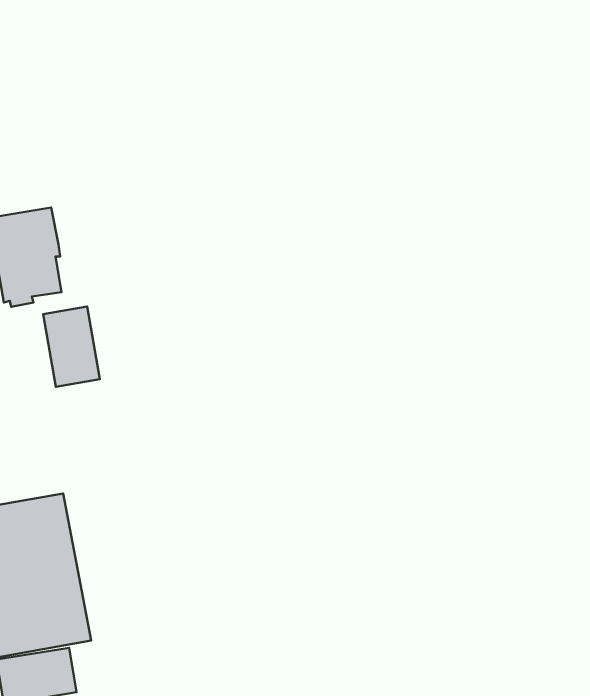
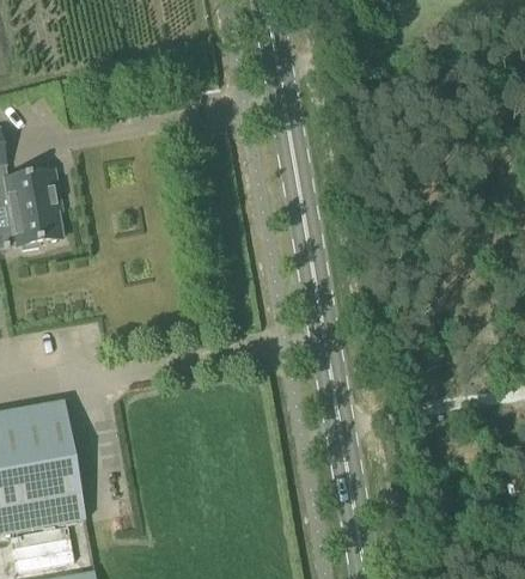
building: [43,307,100,387] -> none

